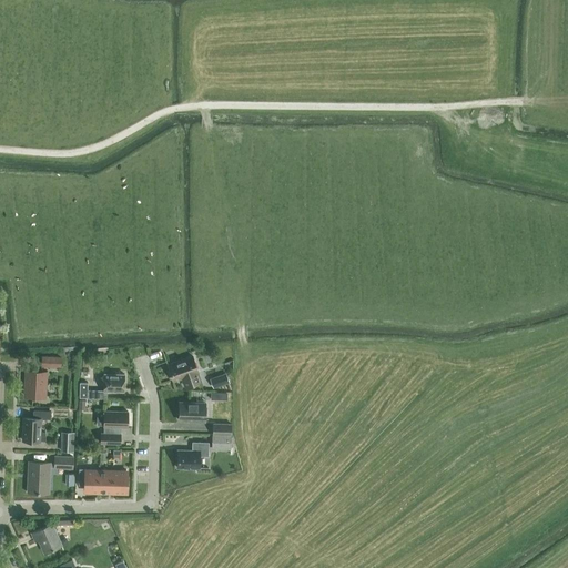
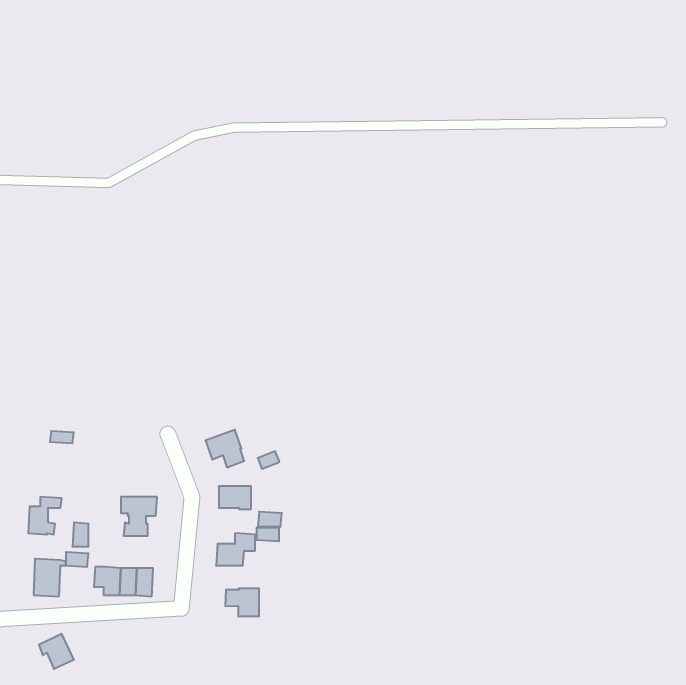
building: [26,373,45,398] -> none
building: [81,374,126,398] -> none
building: none -> [226,588,259,617]

